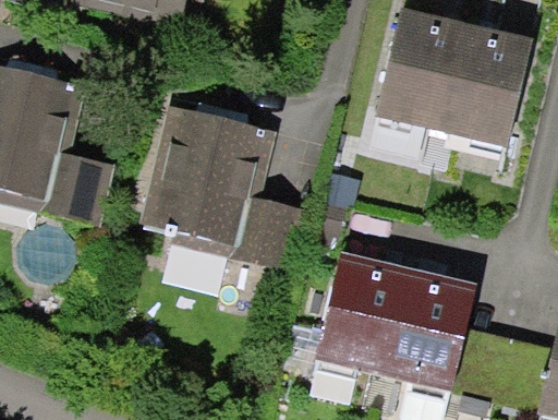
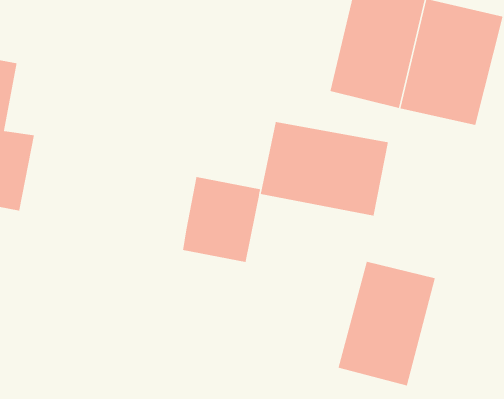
building: [147,112,258,241] -> none
building: none -> [260,121,389,217]
building: [318,255,404,373] -> none

